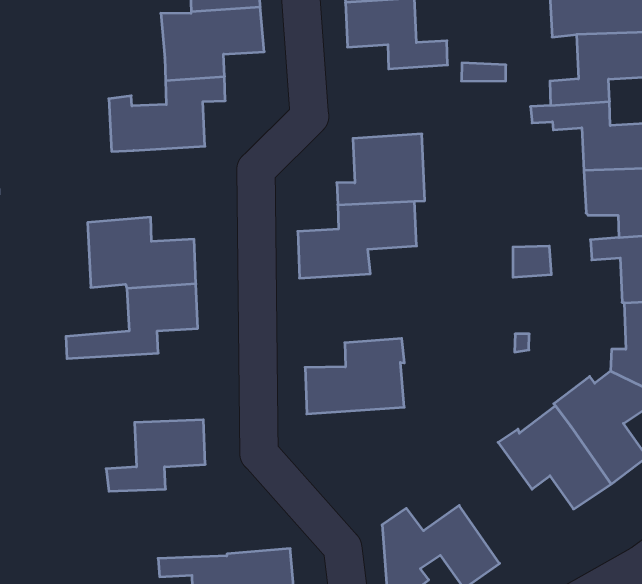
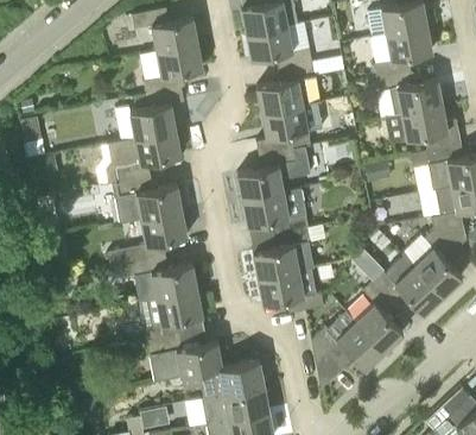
building: none -> [256,63,319,114]
building: none -> [96,131,180,185]
building: none -> [242,189,307,235]
building: none -> [112,257,197,300]
building: none -> [258,269,323,314]
building: none -> [355,282,404,353]
building: none -> [147,336,222,382]

